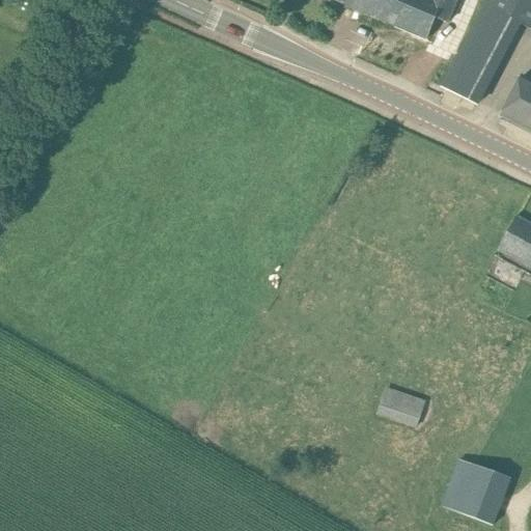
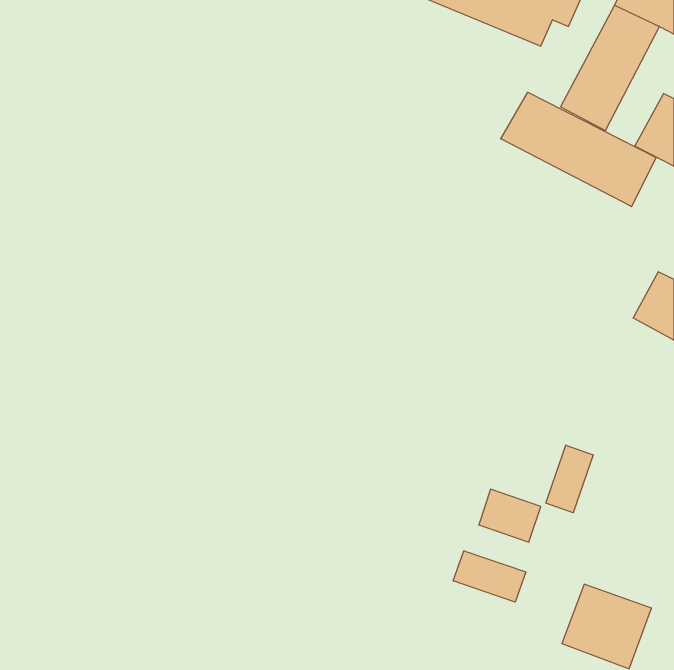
building: none -> [501,92,656,207]
building: none -> [546,445,593,513]
building: none -> [453,551,526,602]

